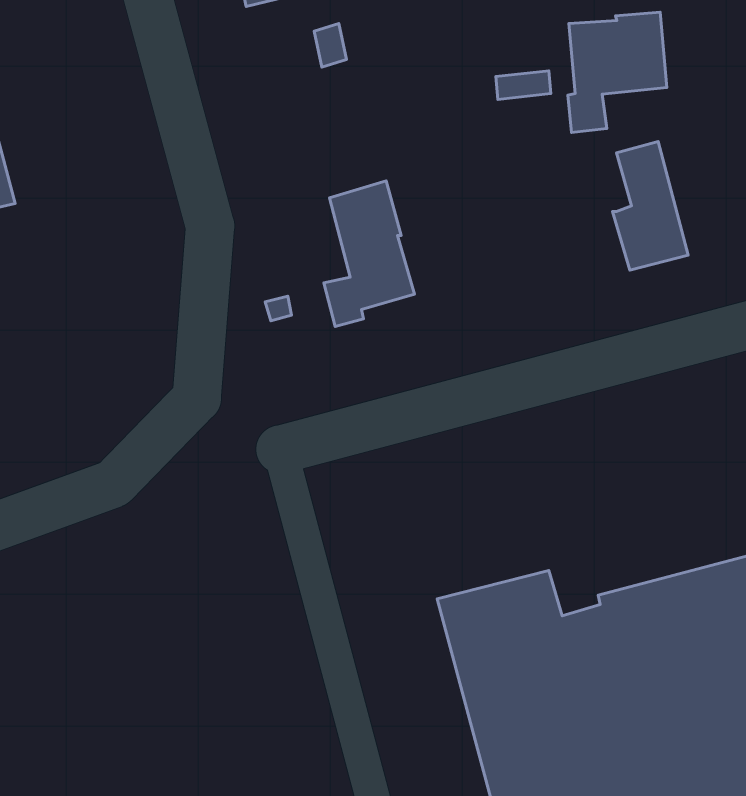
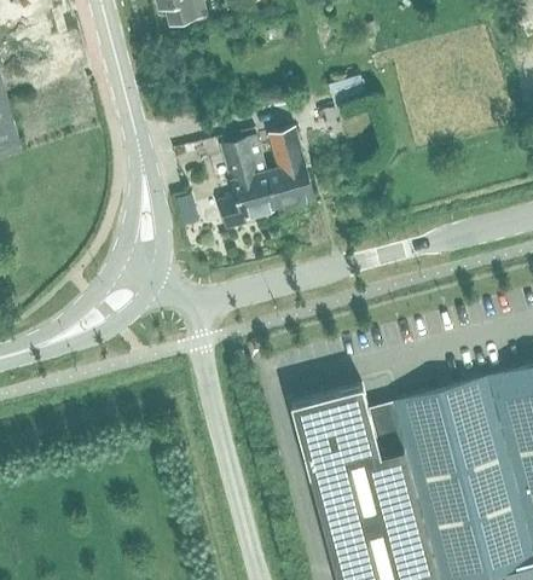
building: [568,12,667,132] -> none
building: [613,142,688,270] -> [266,129,314,211]

